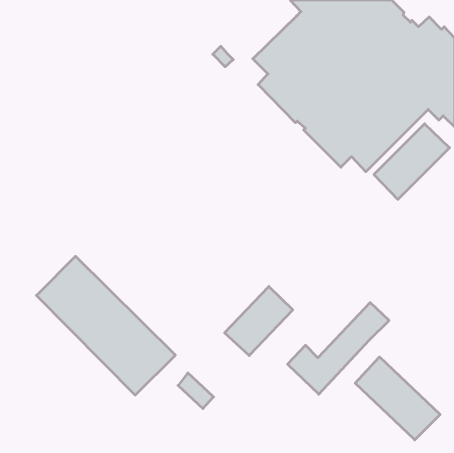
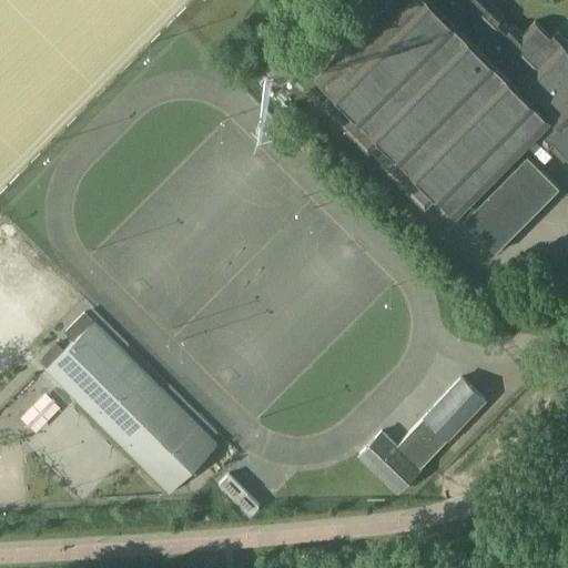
building: [225,286,293,356] -> none
building: [355,357,440,440] -> none

